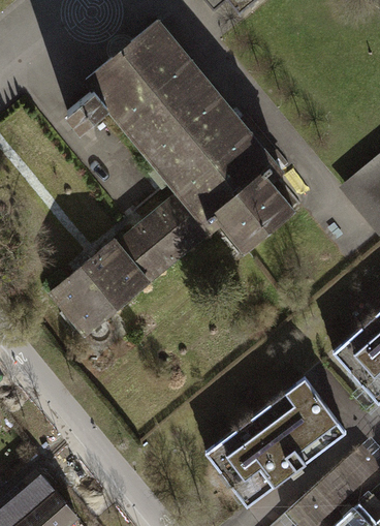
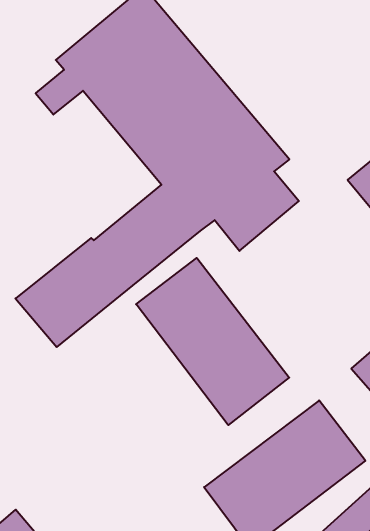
building: none -> [136,258,289,425]

